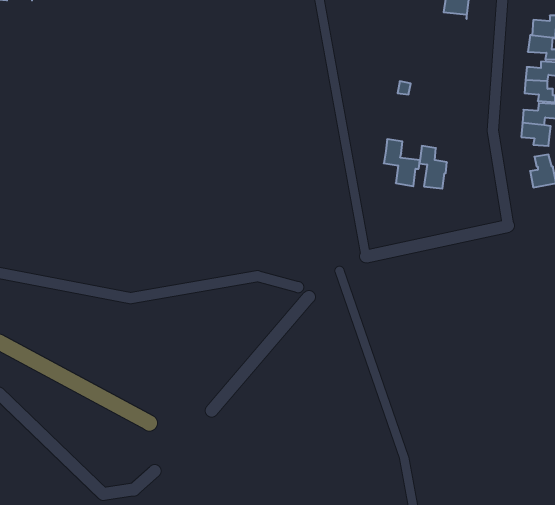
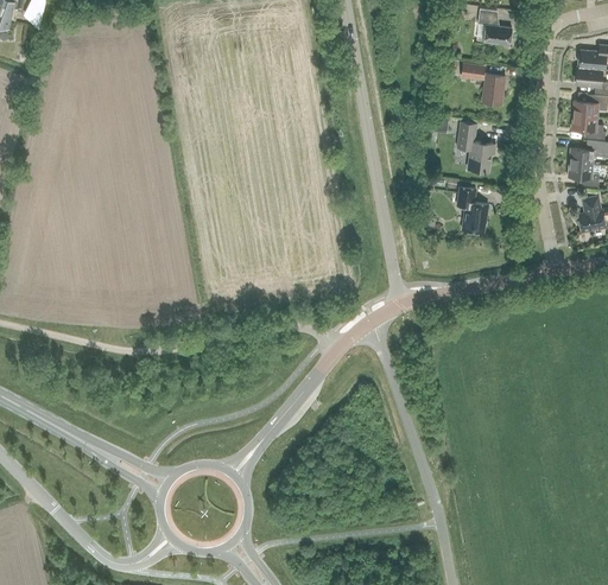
building: none -> [461,63,505,103]
building: [384,139,420,186] -> [456,121,495,172]

